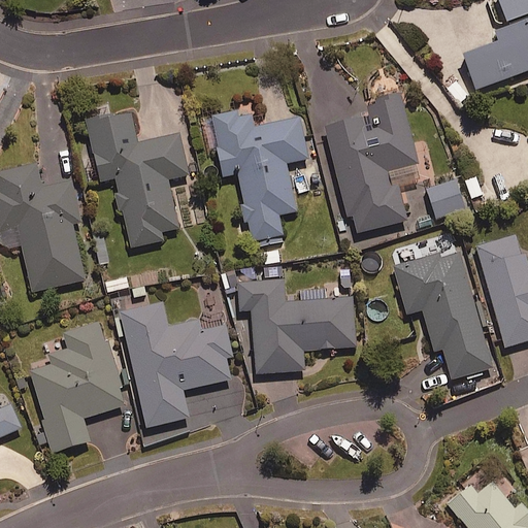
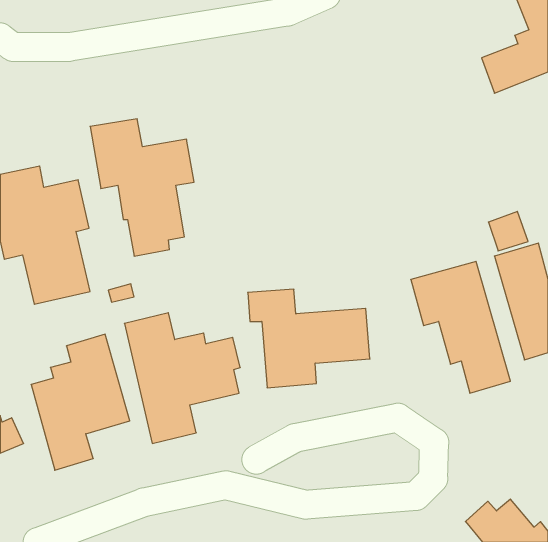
building: [326,92,422,233] -> none
building: [212,109,307,241] -> none
building: [427,178,465,217] -> [488,211,528,251]

